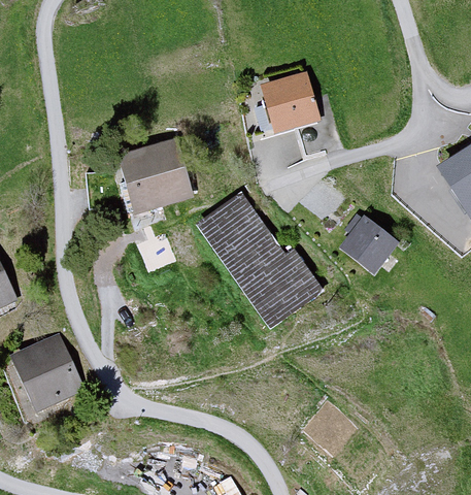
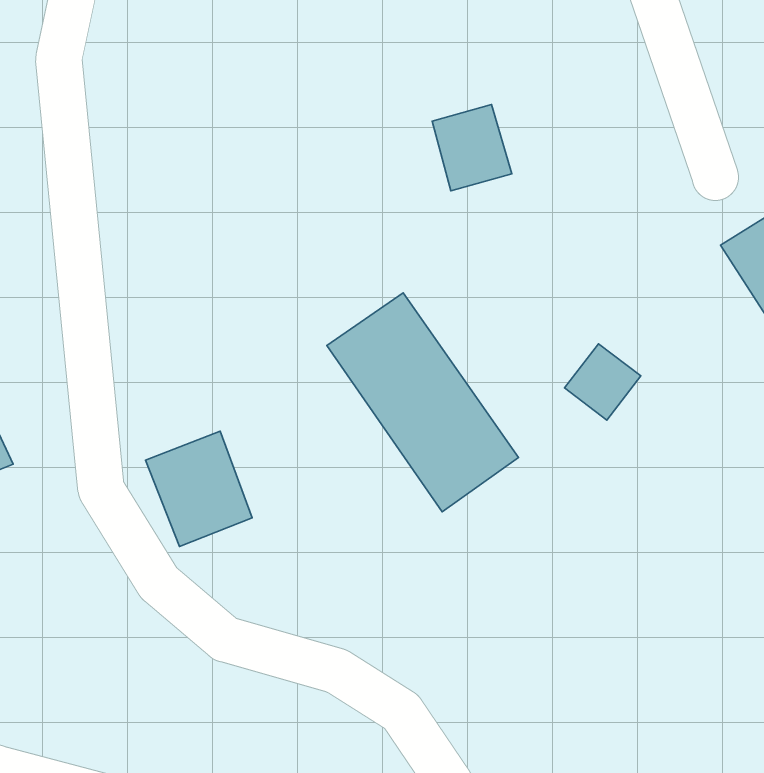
building: [120,143,190,208] -> none
building: [11,340,76,410] -> [145,431,252,547]

